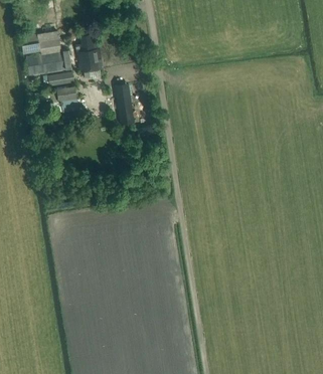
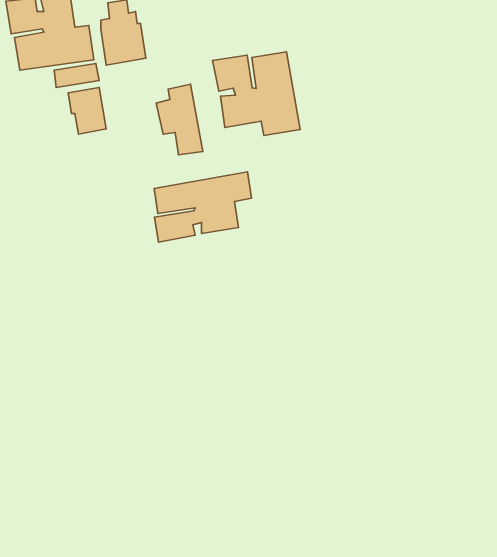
building: none -> [213,52,300,136]
building: none -> [154,172,252,242]

